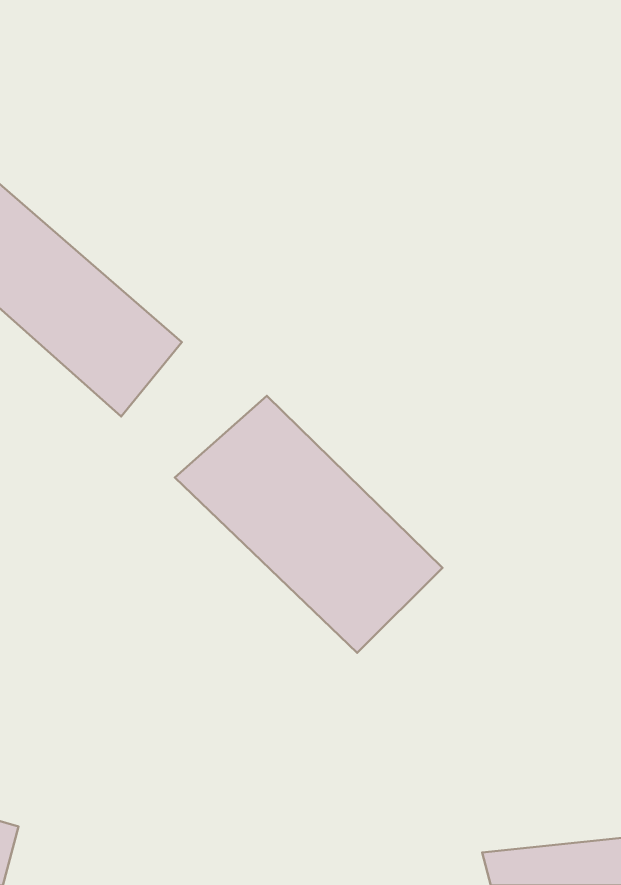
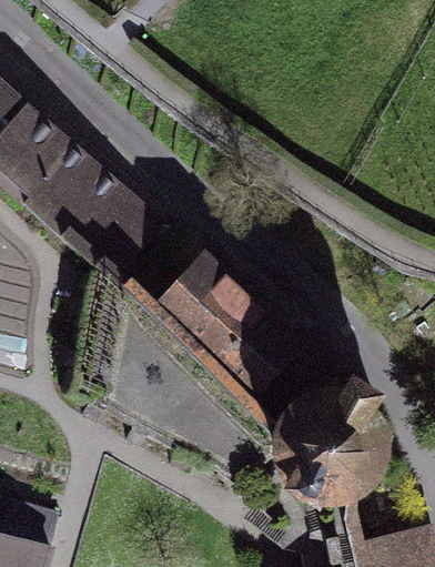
building: none -> [280,392,396,508]

